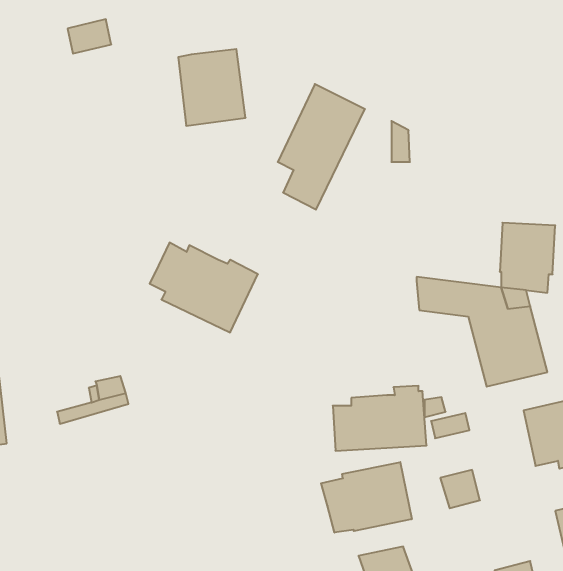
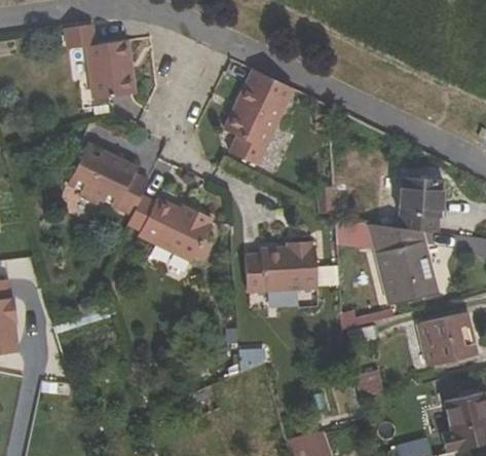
building: [178,49,246,126] -> [84,40,137,100]
building: none -> [67,144,149,217]
building: [333,386,427,451] -> [247,241,320,292]
building: [321,462,412,533] -> none

